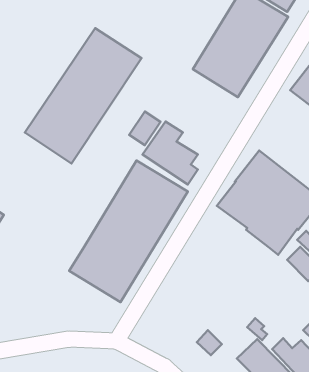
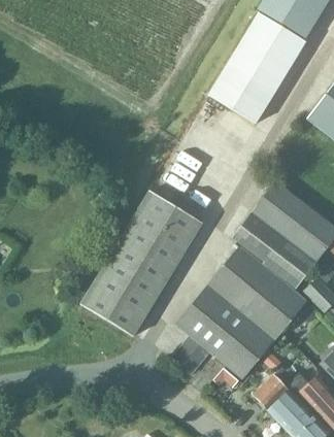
building: [25,28,142,164] -> none
building: [129,111,160,145] -> none
building: none -> [171,248,308,379]

